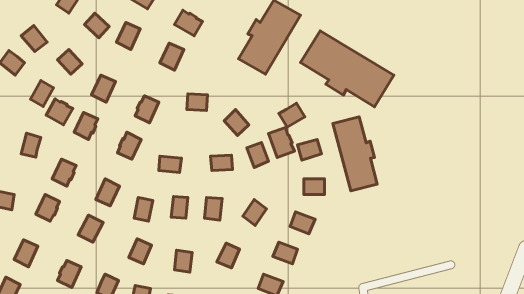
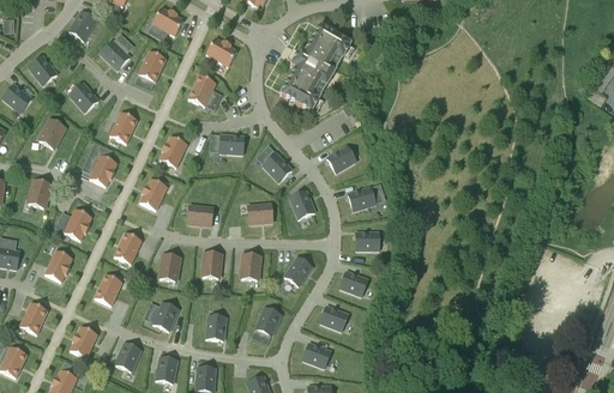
building: [301,31,394,107] -> none
building: [46,99,73,125] -> none
building: [333,117,377,191] -> none
building: [269,127,294,157] -> none

